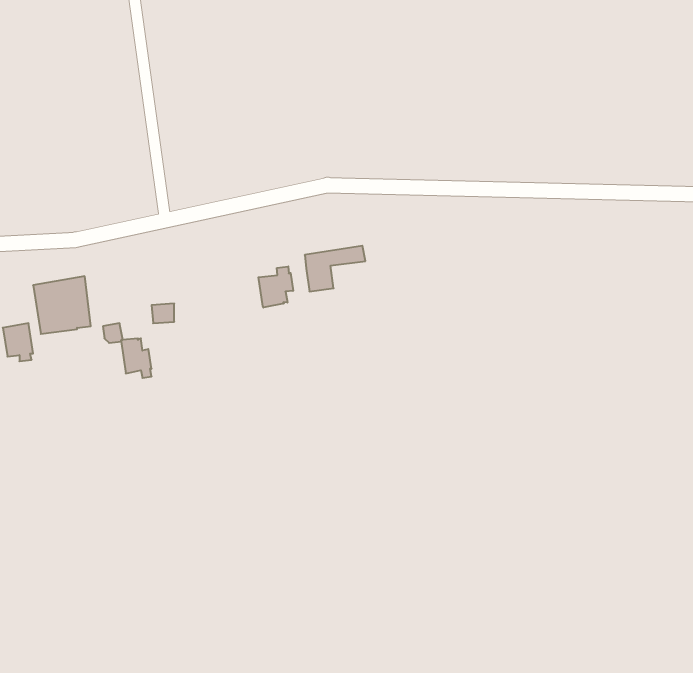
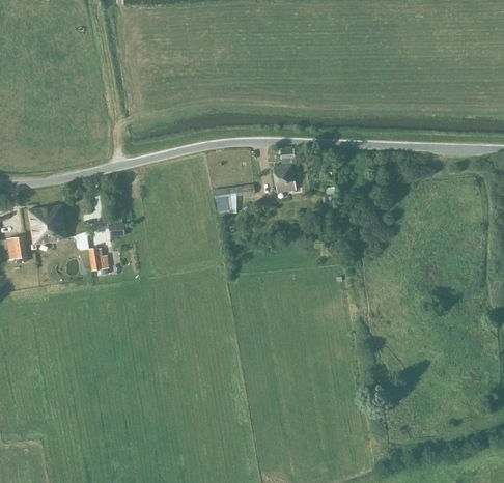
building: none -> [274,148,296,192]
building: [258,266,293,308] -> none

